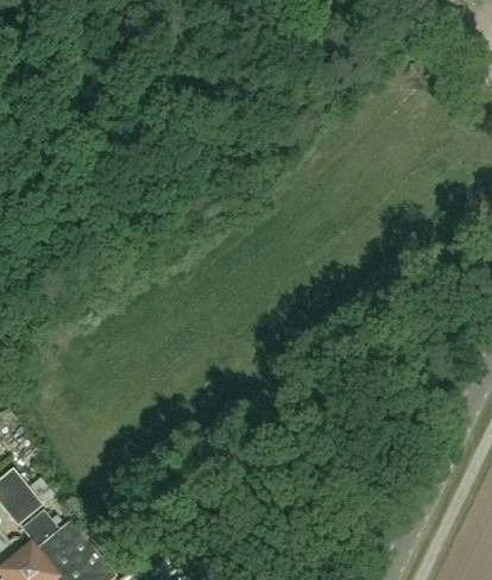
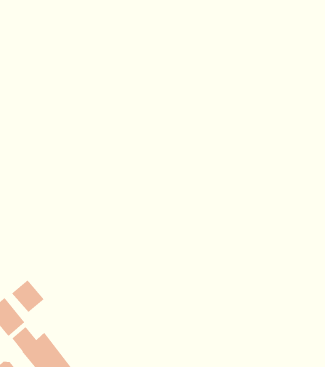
building: none -> [11,279,45,313]

